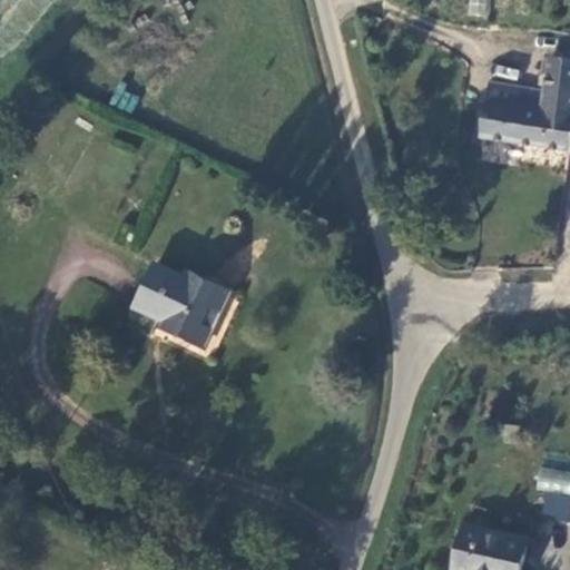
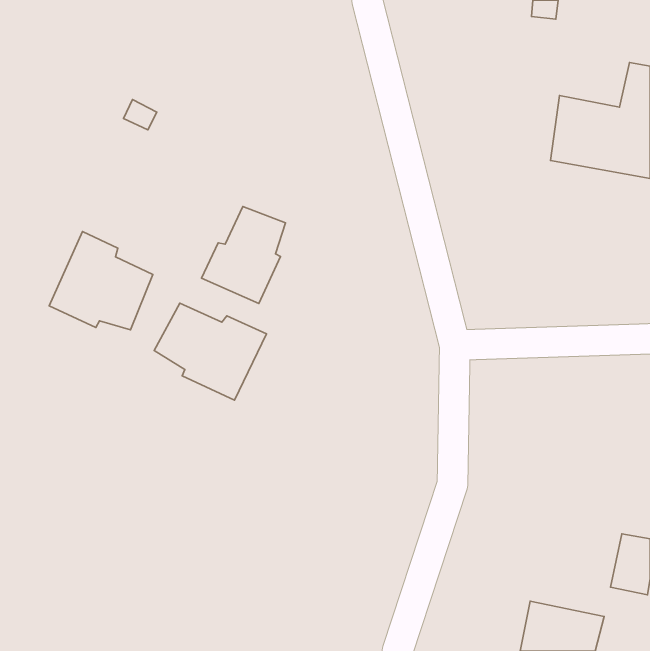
building: none -> [202,206,286,304]
building: none -> [49,231,153,330]

